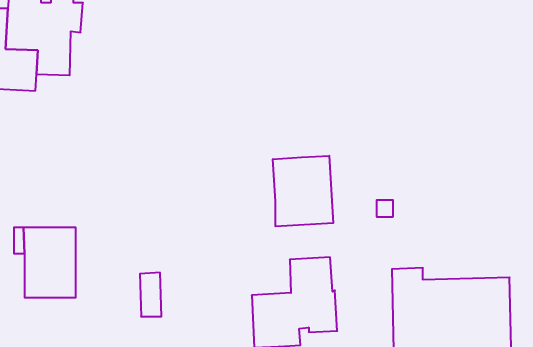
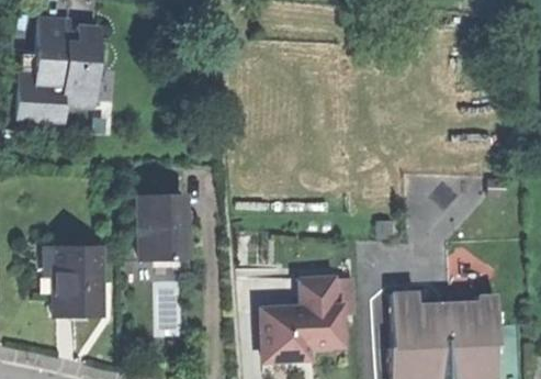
building: [273,156,333,226] -> none
building: none -> [137,193,188,260]

